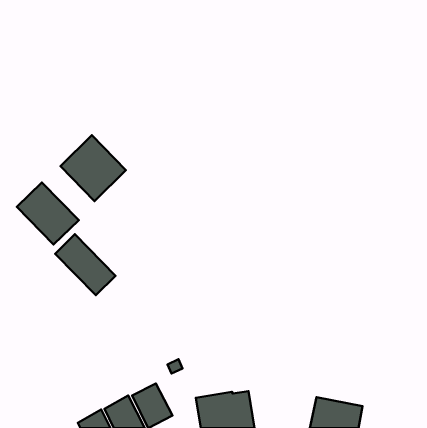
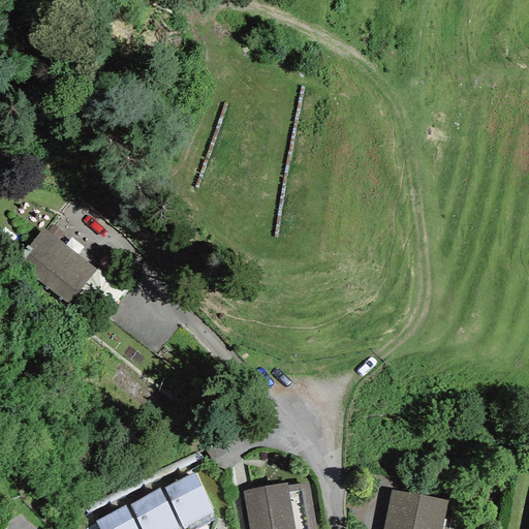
building: [60,135,126,201] -> none
building: [55,234,115,295] -> none

